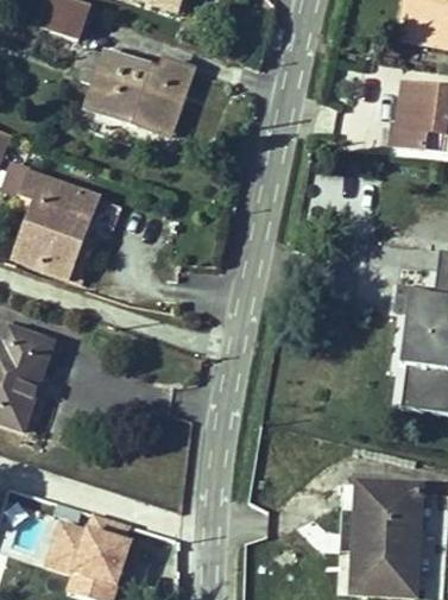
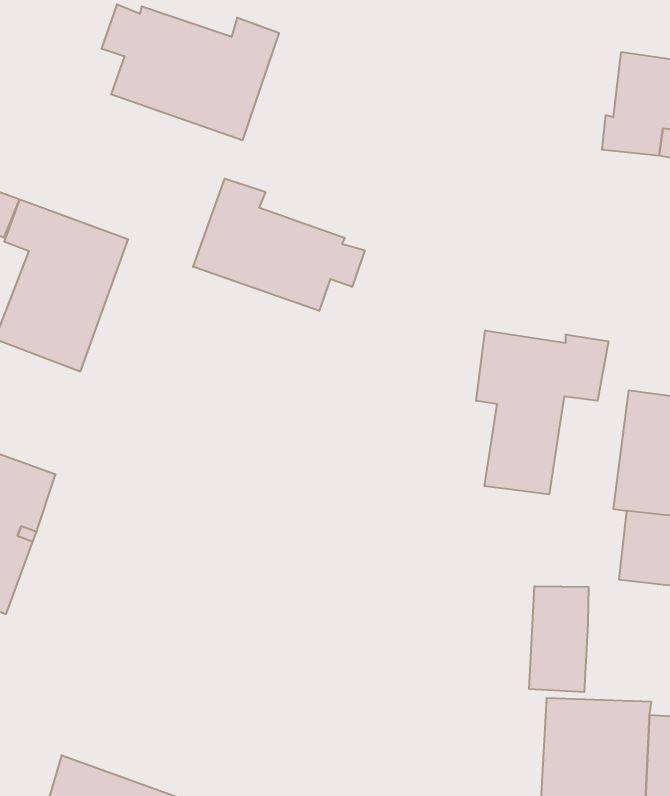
building: none -> [193,178,365,311]
building: none -> [476,330,609,494]
building: none -> [529,586,589,692]

